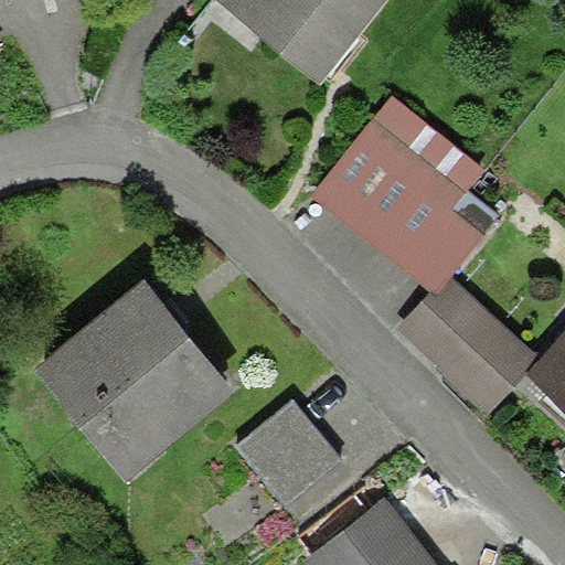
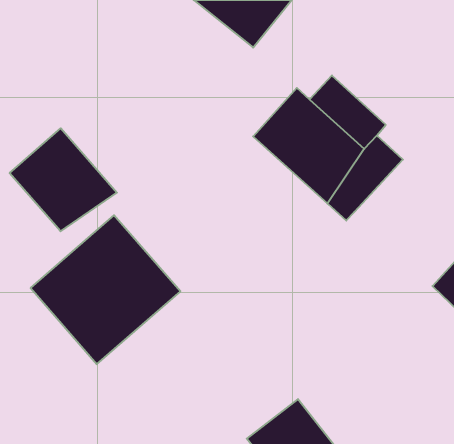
building: none -> [10,128,117,231]
building: [386,278,524,415] -> none
building: [233,399,341,508] -> none

